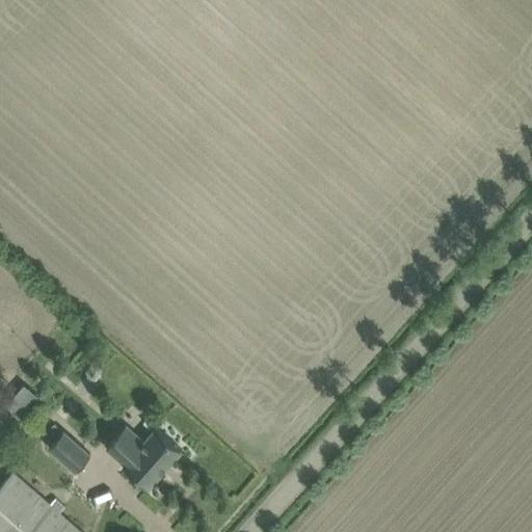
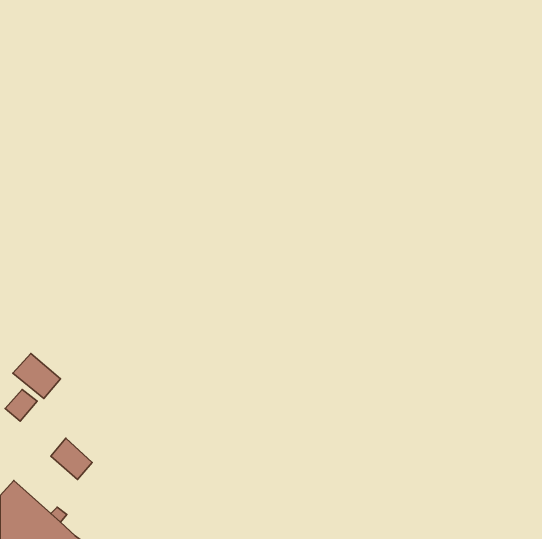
building: none -> [13,353,61,398]
building: [107,429,182,488] -> none

